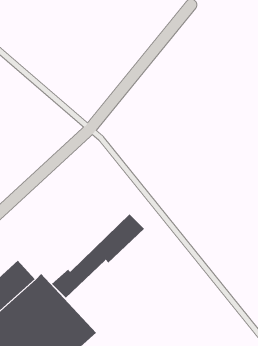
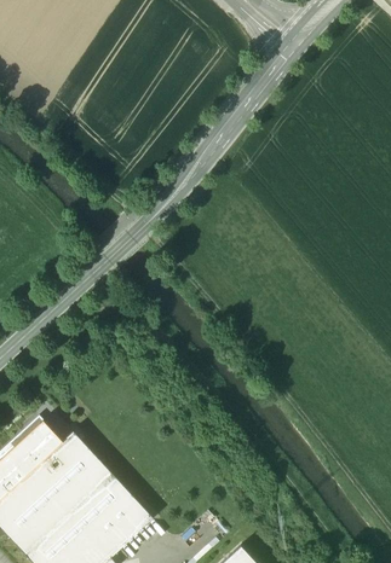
building: [51,214,145,298] -> none

